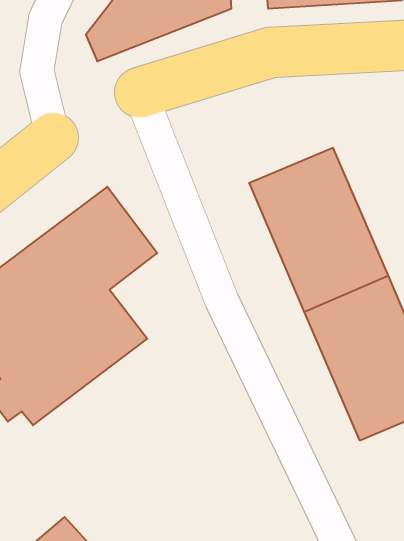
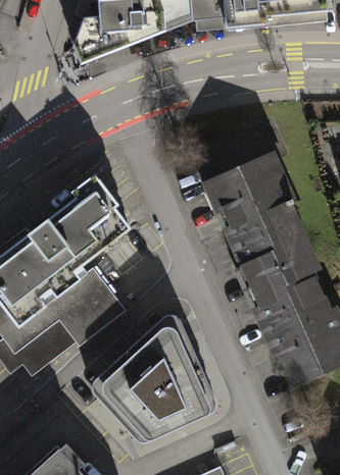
building: none -> [87,311,214,442]

